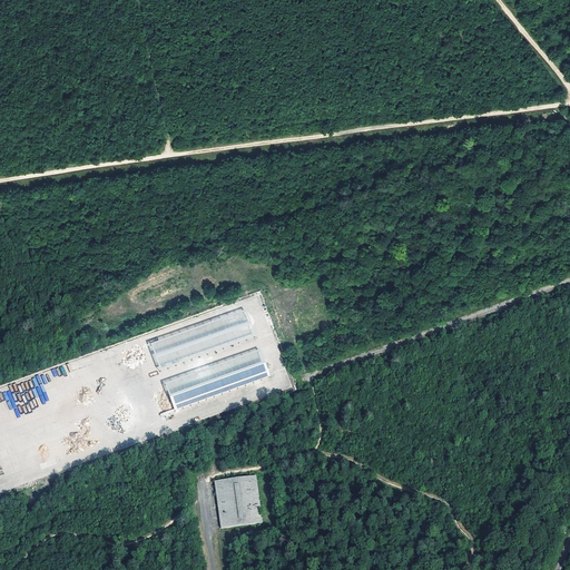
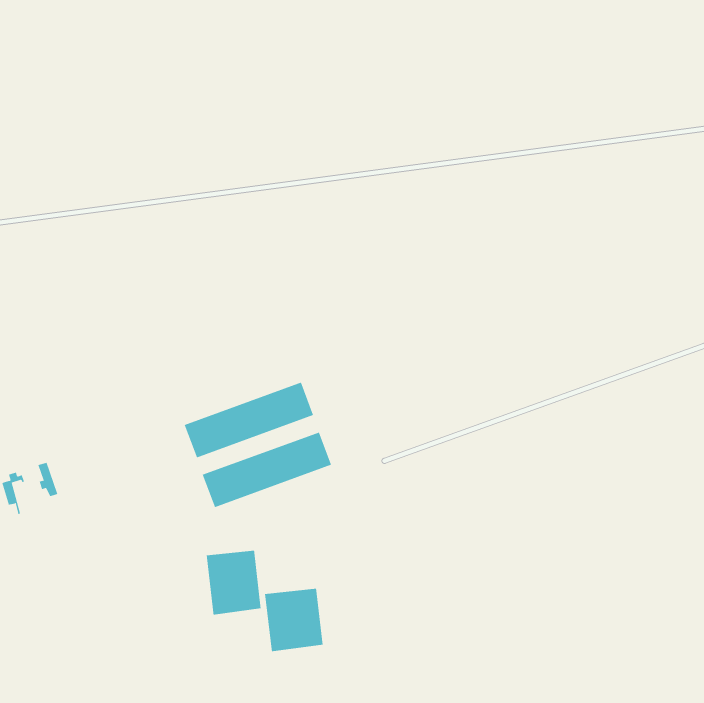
building: none -> [206,550,261,615]

